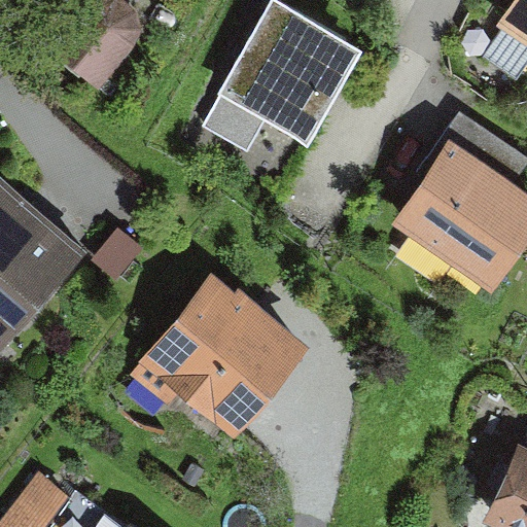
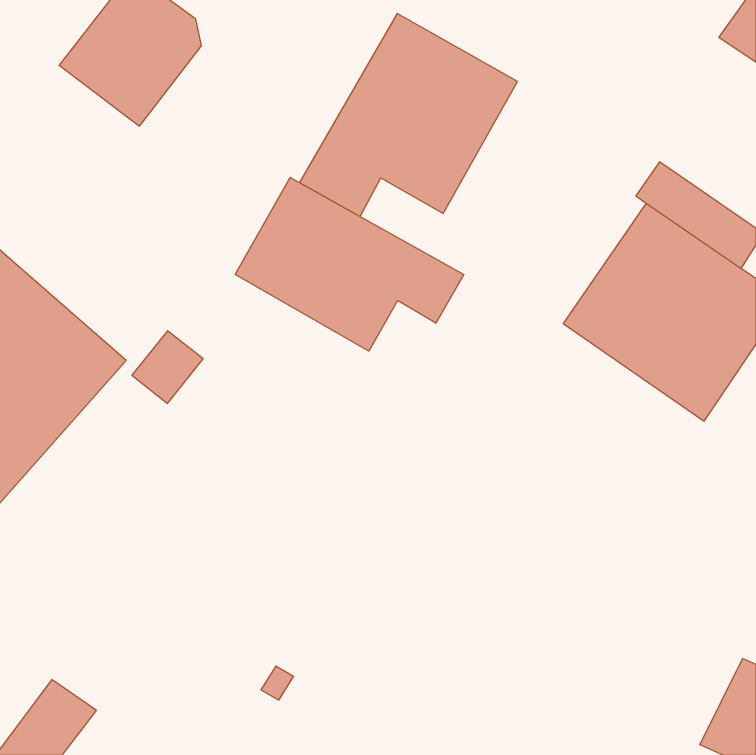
building: none -> [235,177,464,351]
building: [131,275,311,440] -> none

